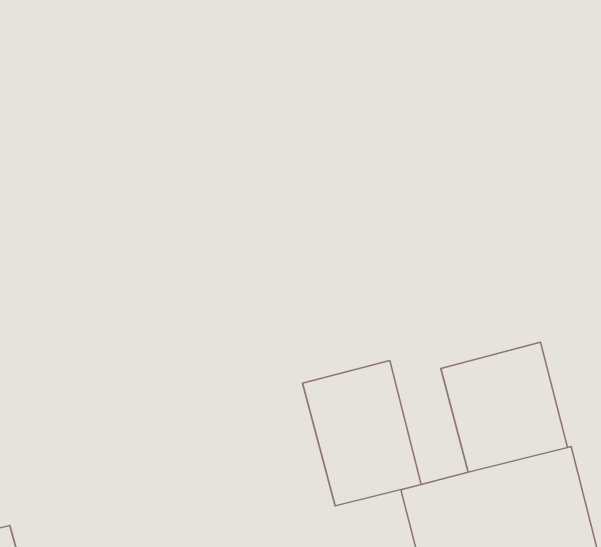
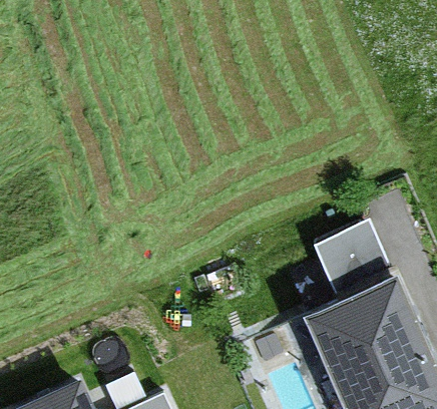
building: [303,361,421,506] -> none

